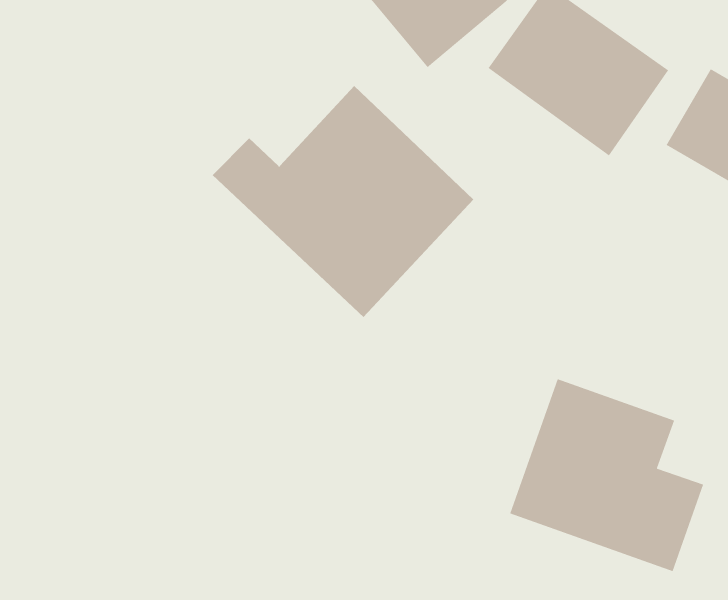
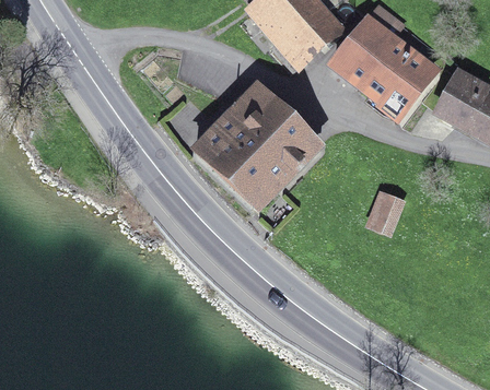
building: none -> [366,188,404,231]
building: [509,378,704,572] -> none

